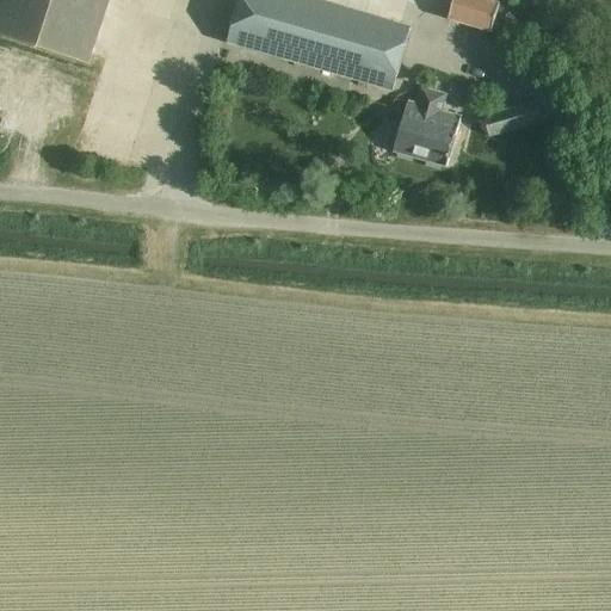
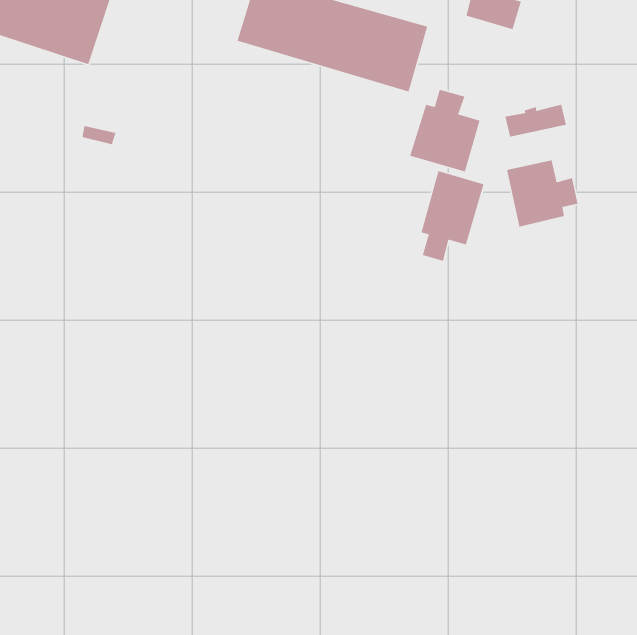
building: none -> [506,160,578,228]
building: none -> [421,170,485,262]

